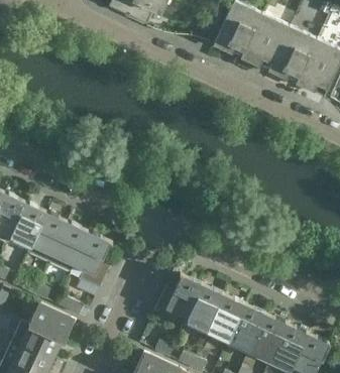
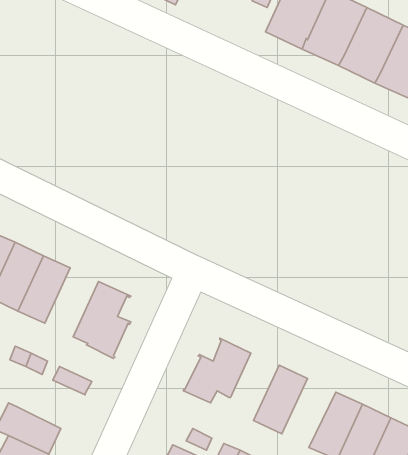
building: [48,220,89,271] -> none
building: [184,283,224,334] -> none
building: [28,302,75,341] -> none
building: [226,302,266,354] -> none

